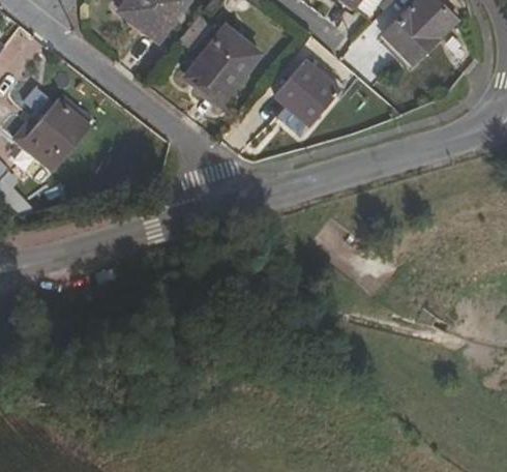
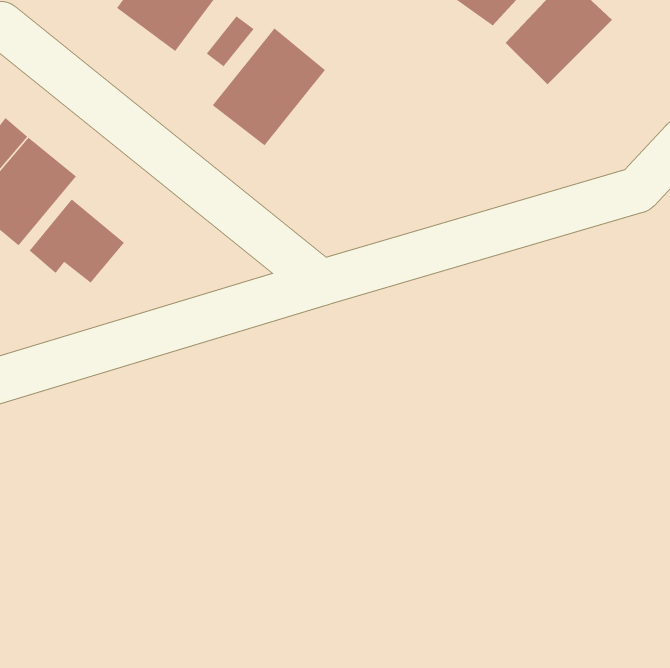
building: [275,59,340,122] -> none
building: none -> [29,199,125,284]

